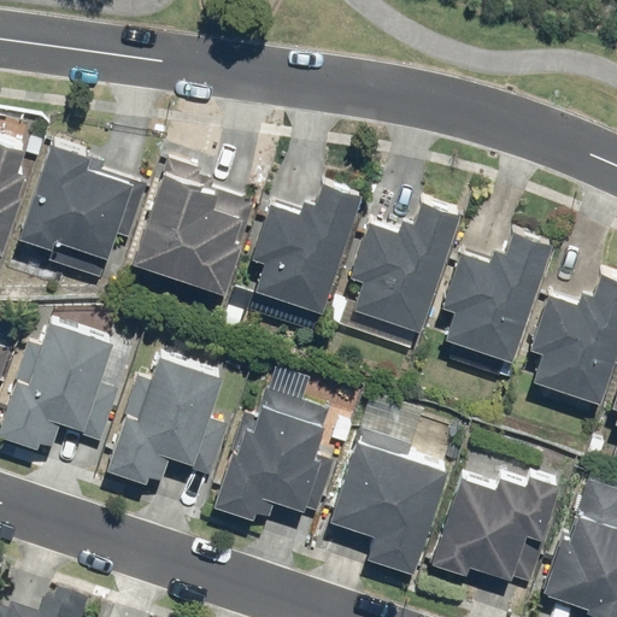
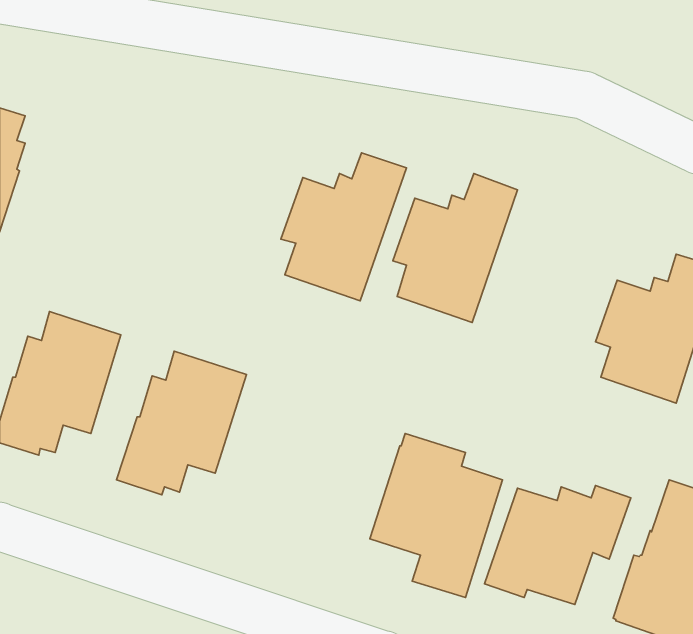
building: [18,143,134,281] -> none
building: [134,161,258,295] -> none
building: [442,231,553,363] -> none
building: [215,393,331,519] -> none

